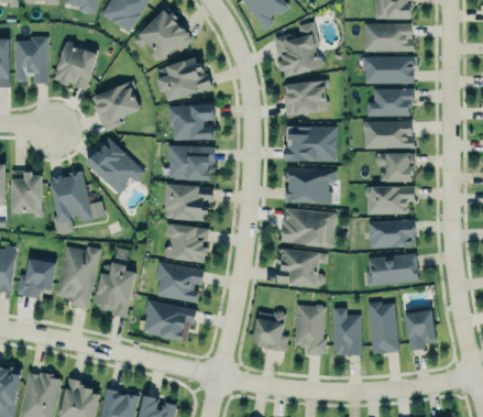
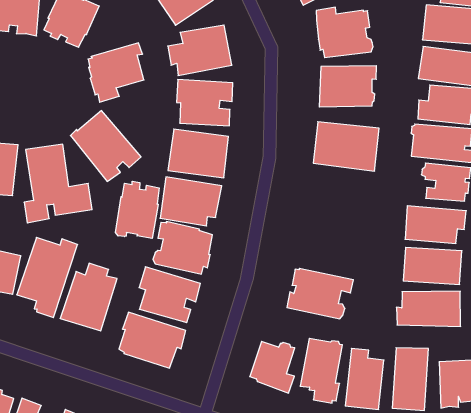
building: [285,167,337,204] -> none
building: none -> [115,181,159,238]
building: [281,208,336,246] -> none

